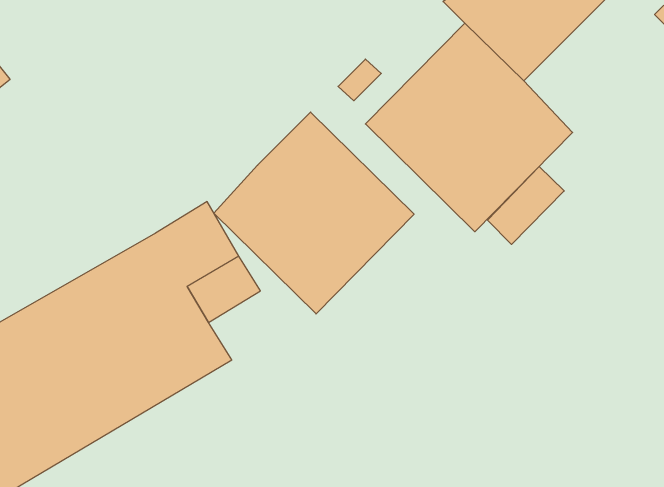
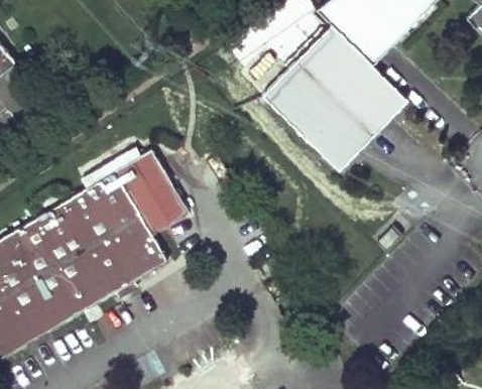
building: [214,112,414,314] -> none
building: [488,167,564,244] -> none

